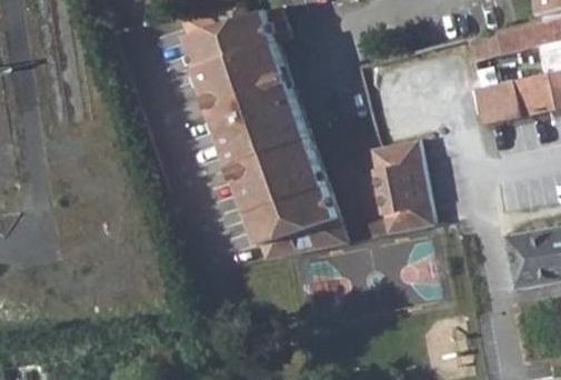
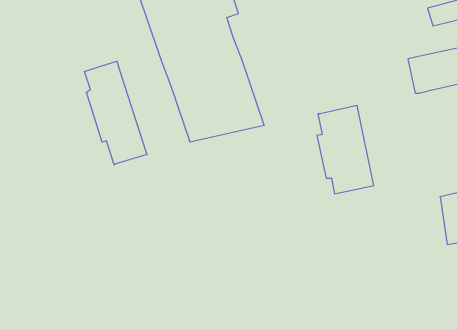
building: none -> [84,61,147,165]
building: [237,160,347,260] -> none

